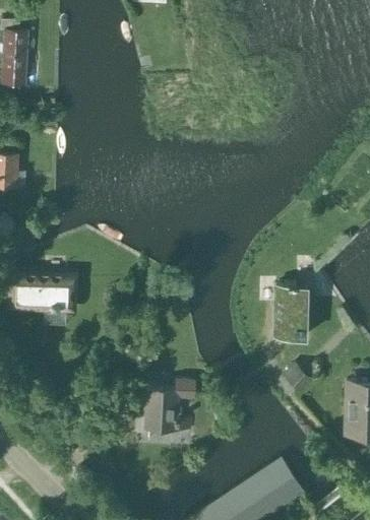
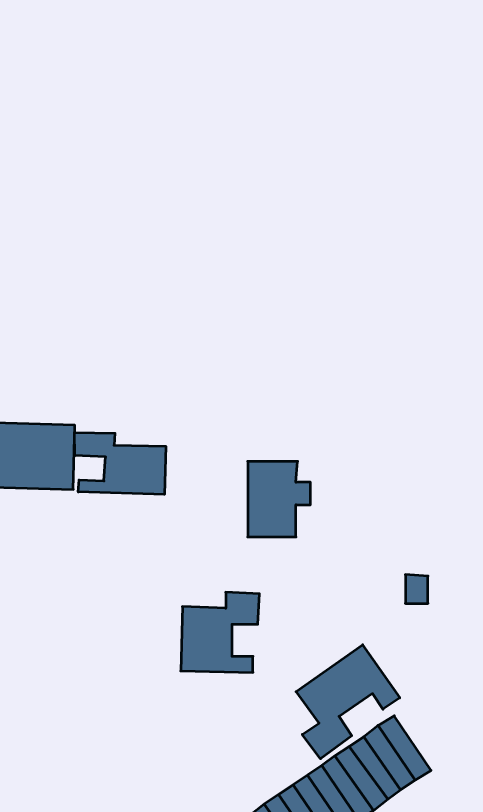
building: none -> [75,433,166,494]
building: [275,288,315,336] -> [248,461,310,537]
building: none -> [296,645,400,759]

